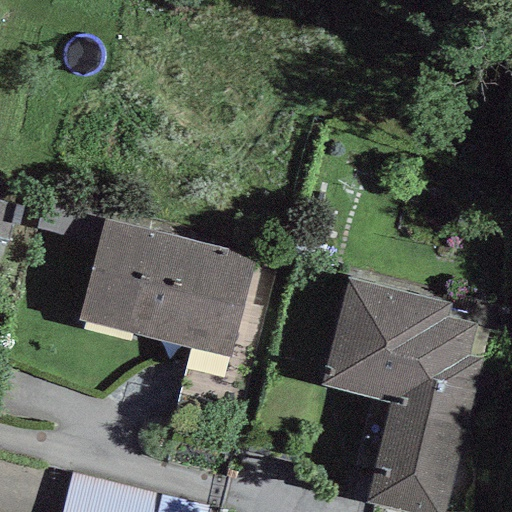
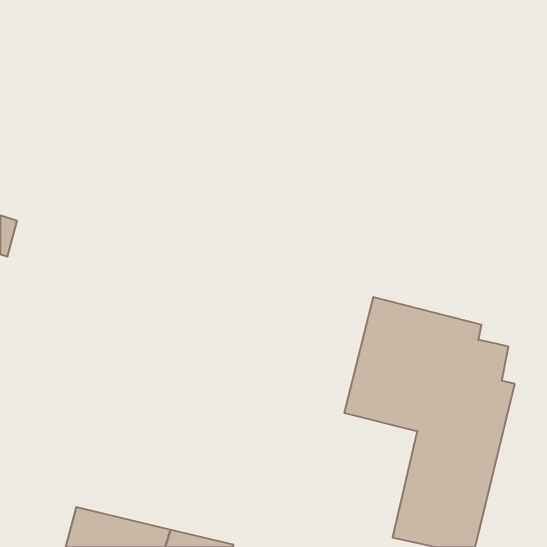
building: [79,220,257,357] -> none

